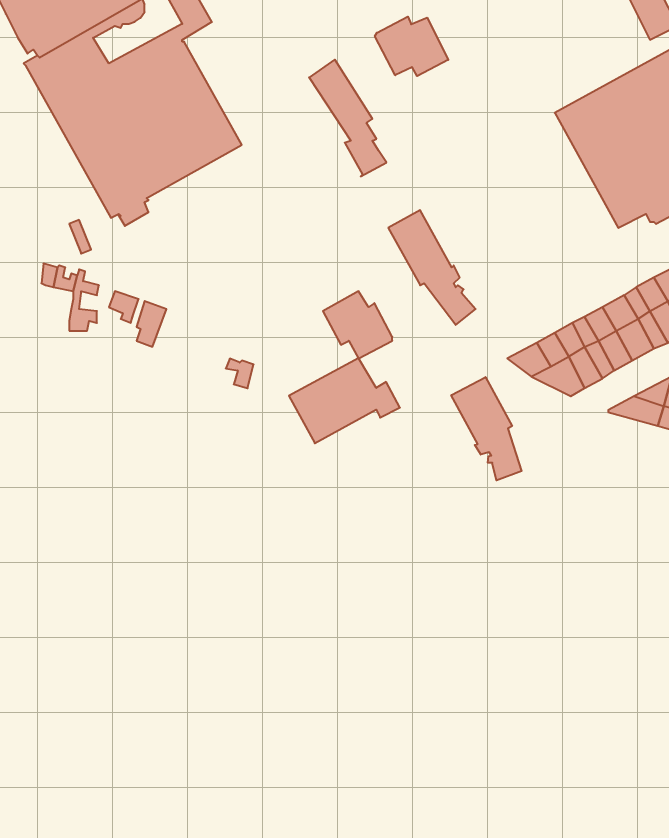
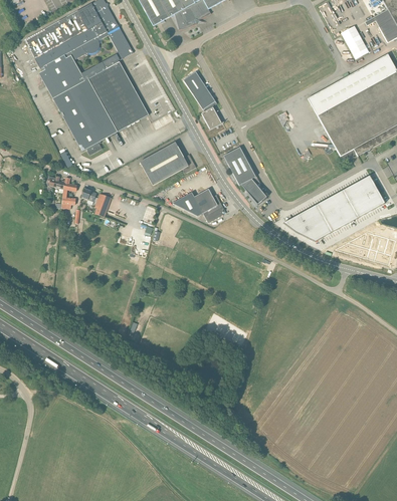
building: [375,17,448,76] -> none
building: [289,358,400,443] -> [140,142,196,185]
building: [451,377,522,480] -> none

